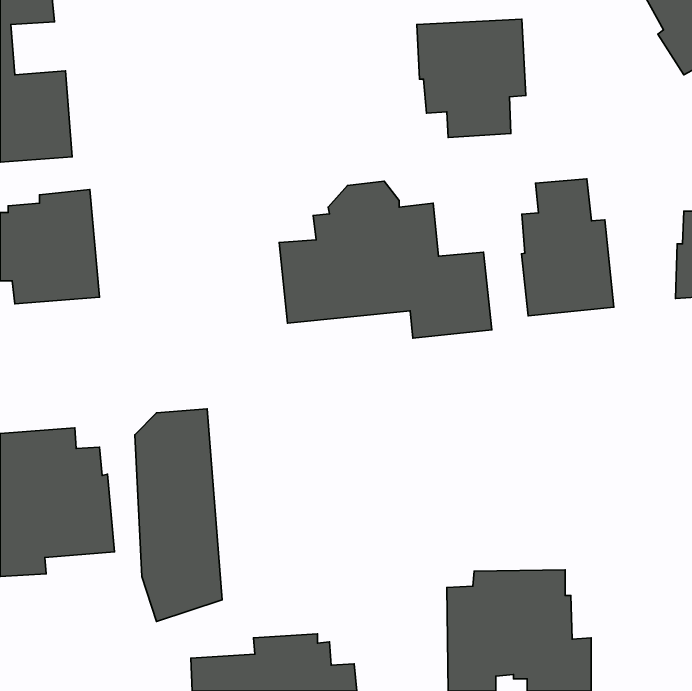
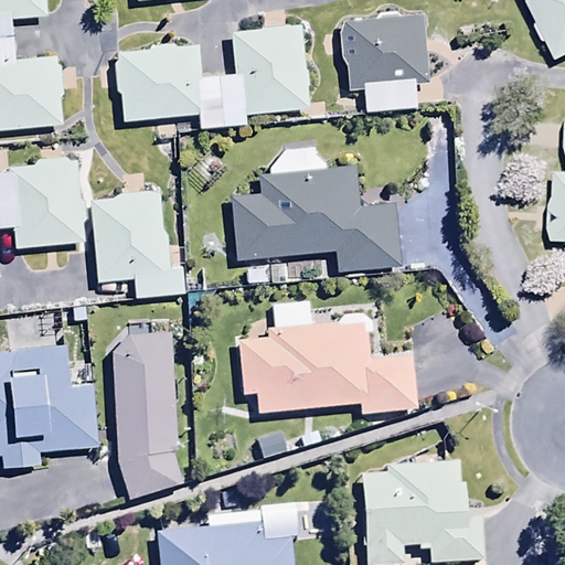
building: none -> [116,25,310,129]
building: [522,179,614,316] -> none
building: none -> [90,191,183,298]
building: none -> [238,300,416,416]

